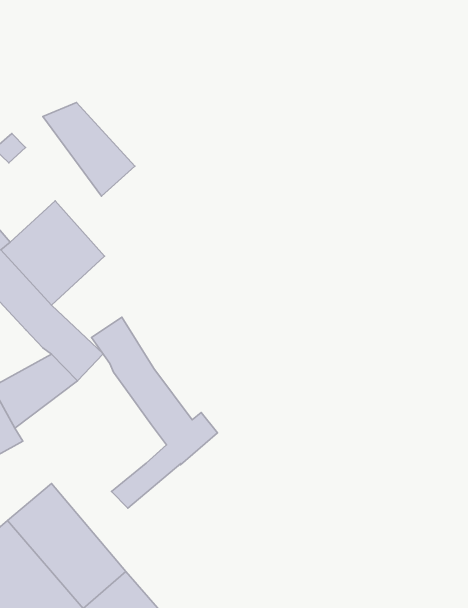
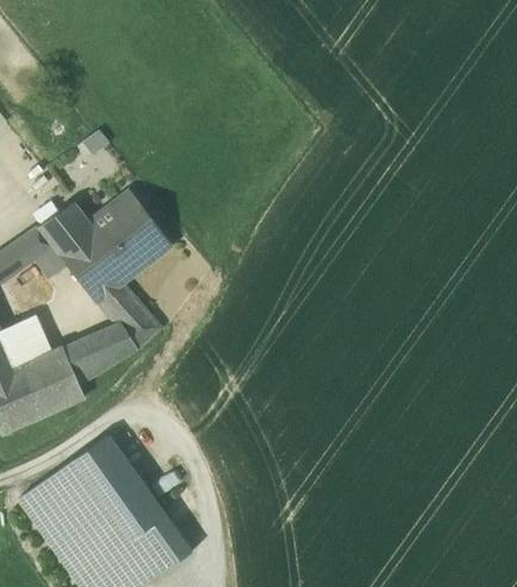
building: [43,102,135,196] -> none
building: [92,317,218,508] -> none

